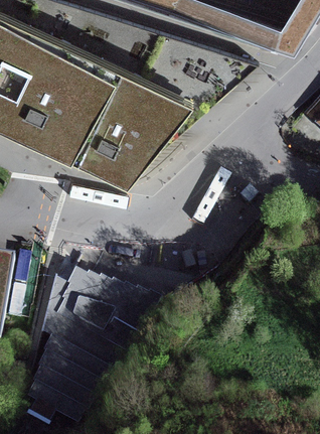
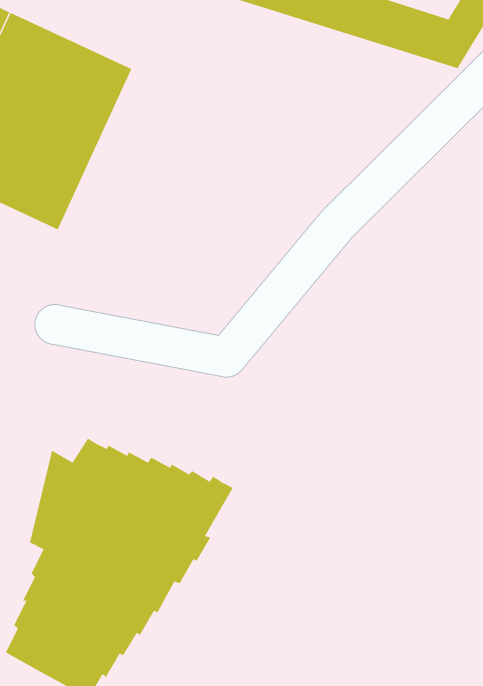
building: [55,61,189,187] -> none

